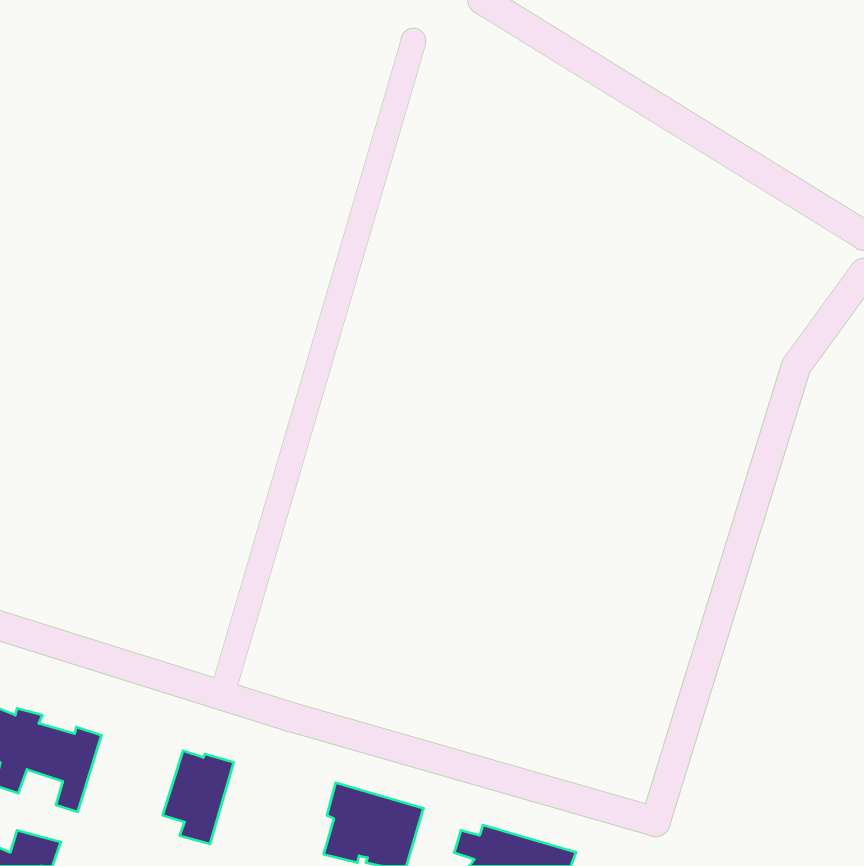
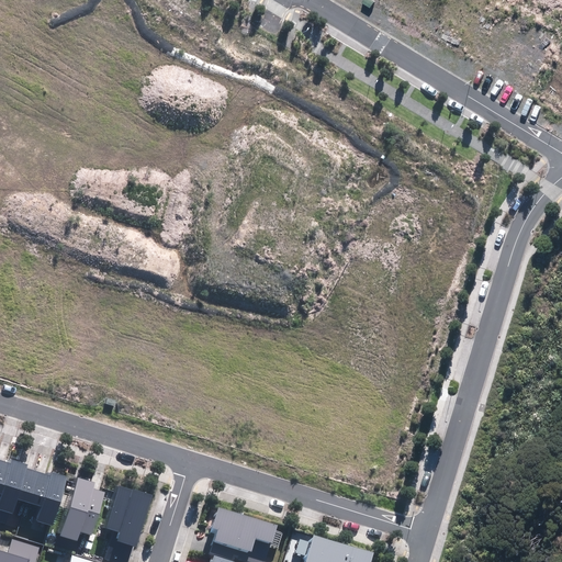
building: none -> [59,477,104,541]

